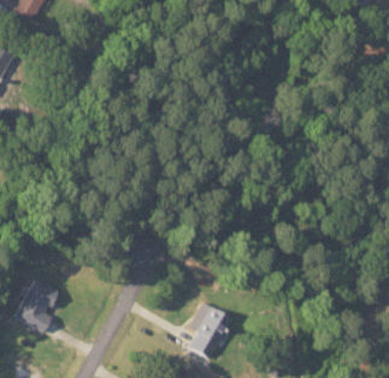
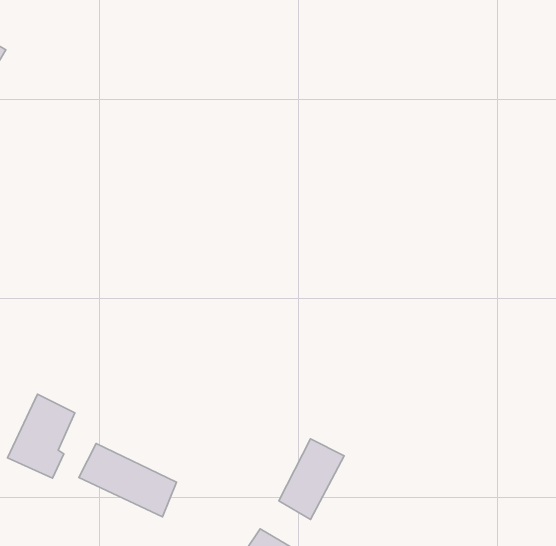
building: none -> [79,443,177,517]

